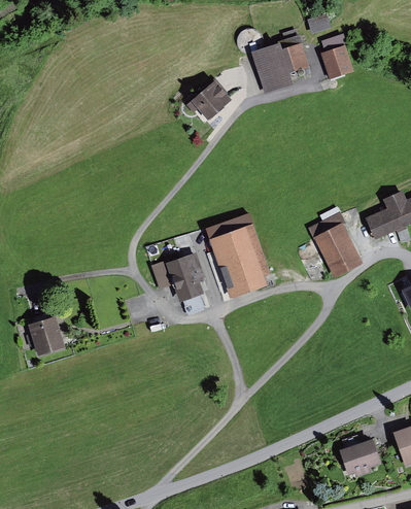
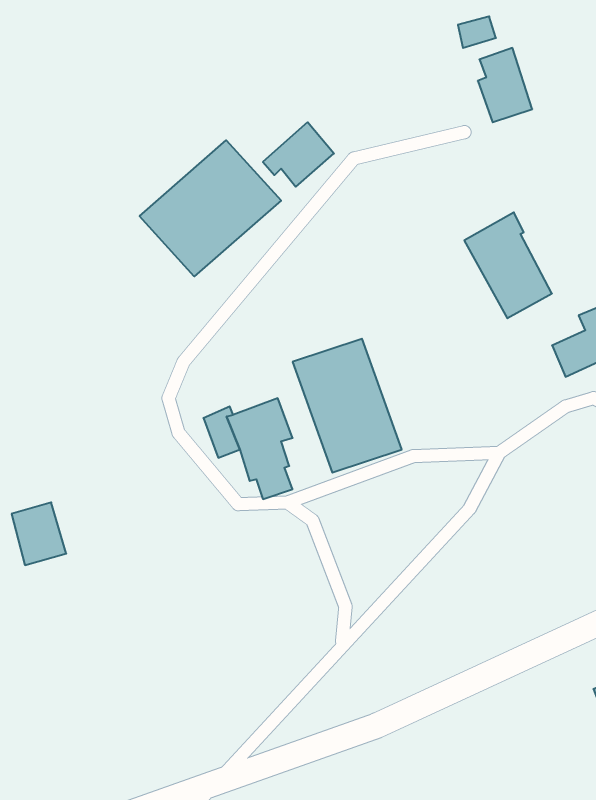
building: [252,27,307,92] -> none
building: none -> [140,140,281,276]
building: [308,210,363,276] -> [464,212,552,318]
building: [338,438,381,476] -> none

